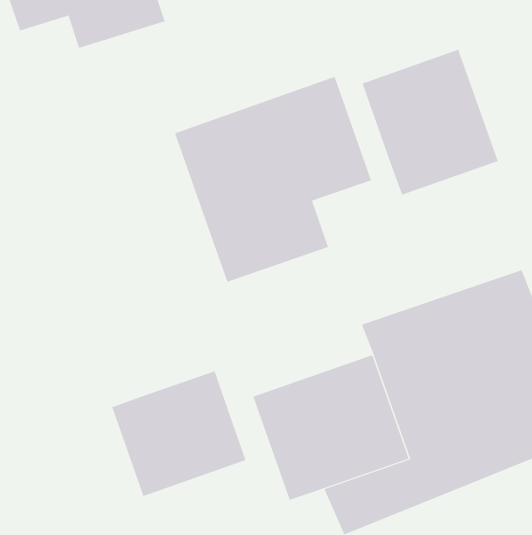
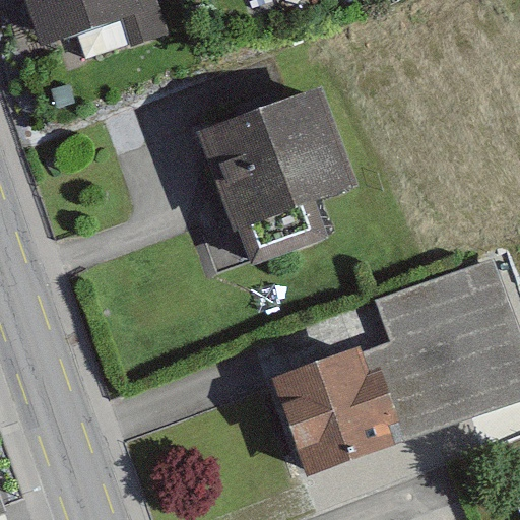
building: [362,49,498,195] -> none
building: [112,370,246,497] -> none

